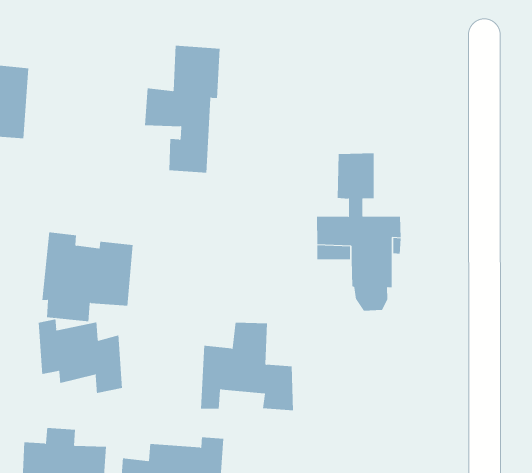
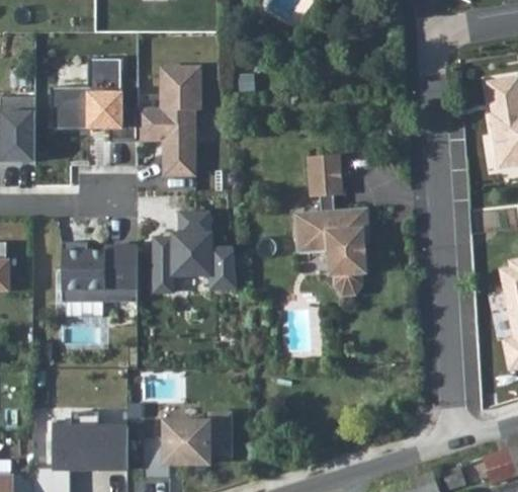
building: none -> [49,58,138,141]
building: [38,318,123,394] -> none
building: [200,322,294,411] -> [152,214,236,294]

